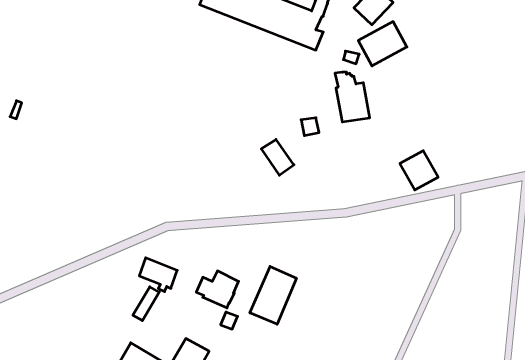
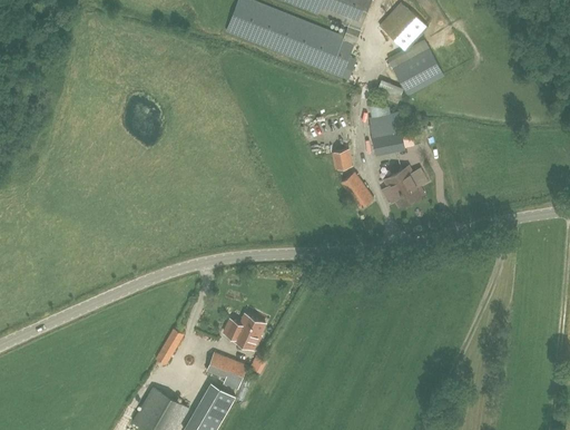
building: [261,139,294,175] -> [337,169,372,207]
building: [400,151,438,190] -> [383,165,423,206]
building: [139,258,177,292] -> [206,351,246,387]
building: [250,266,296,324] -> none

